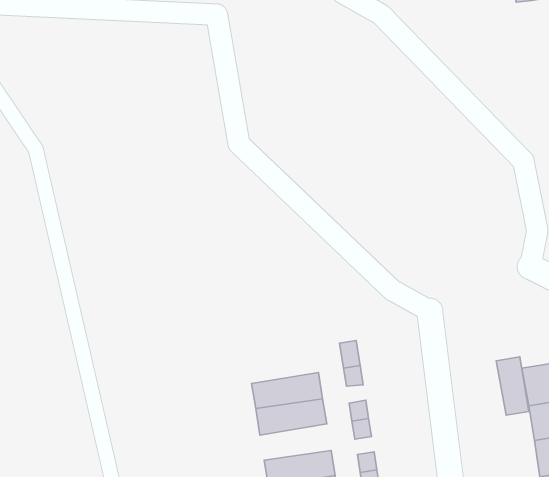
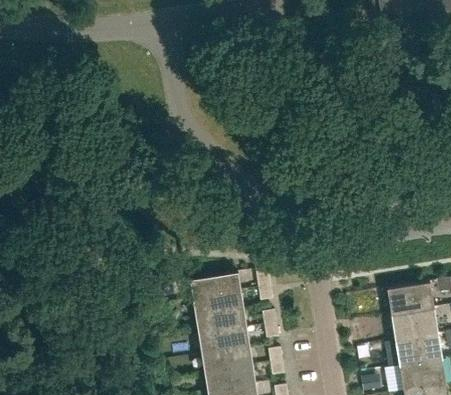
building: none -> [189,271,240,299]
building: [496,357,529,415] -> none
building: none -> [198,328,249,354]

